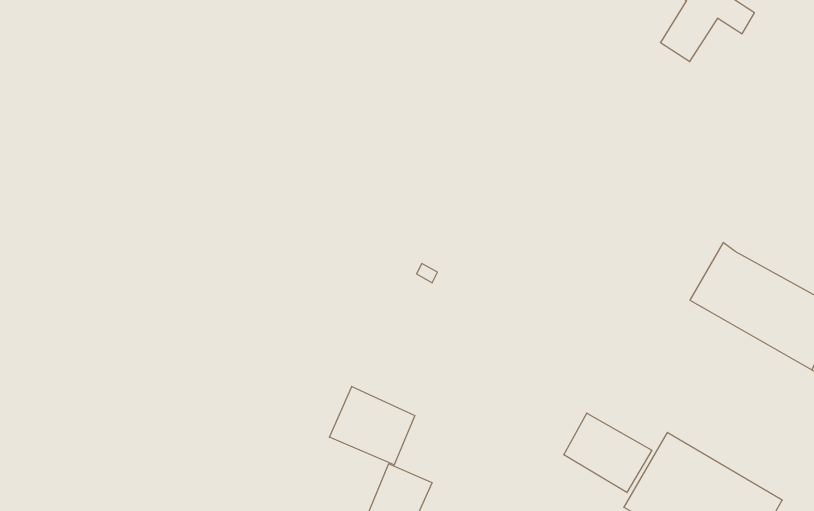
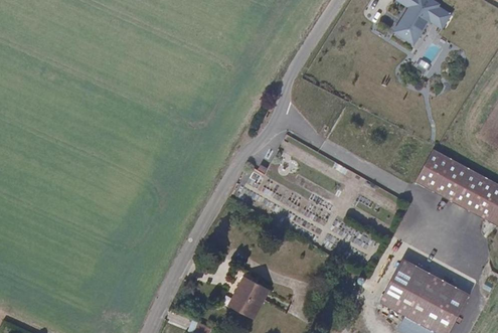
building: [329,386,415,465] -> none
building: [564,413,652,493] -> none

